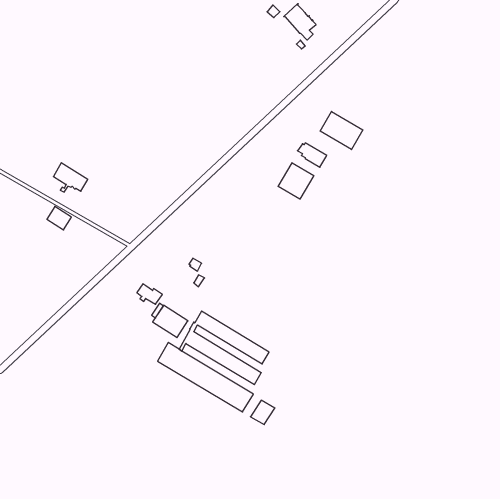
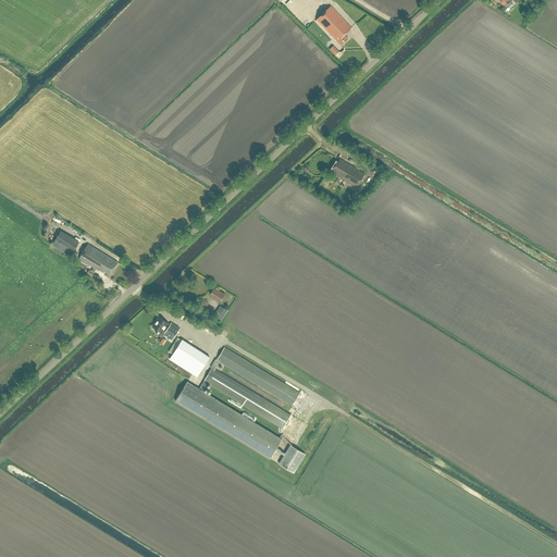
building: [320,111,363,150] -> none
building: [278,163,314,199] -> none
building: [53,163,88,192] -> [79,242,117,274]

